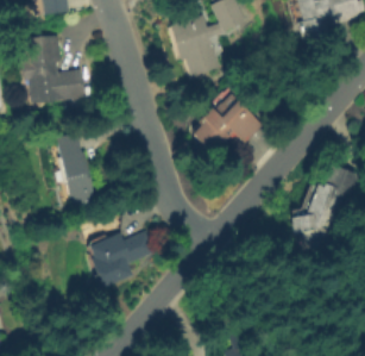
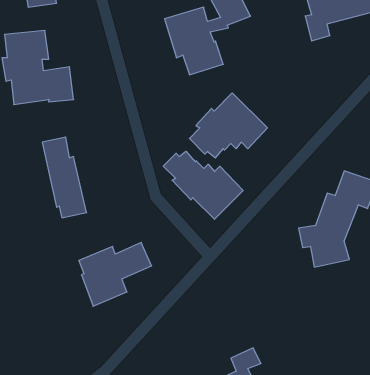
building: none -> [163,151,243,219]

